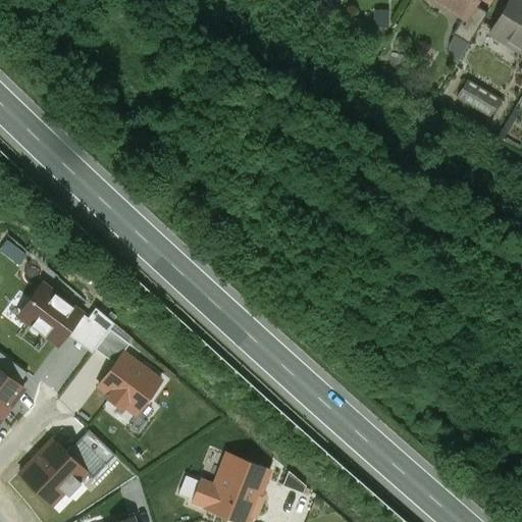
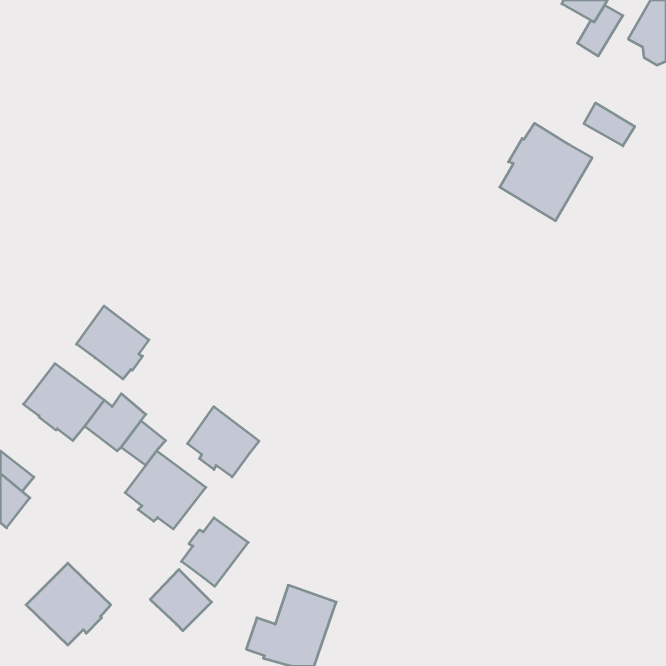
building: none -> [500,123,592,221]
building: none -> [76,306,149,379]
building: none -> [187,407,259,477]
building: none -> [181,518,248,586]
building: [66,430,114,478] -> [150,569,212,631]

